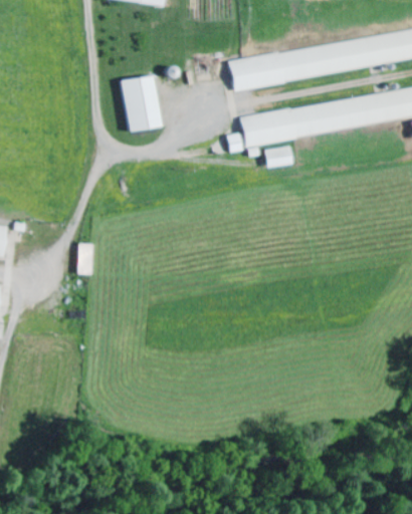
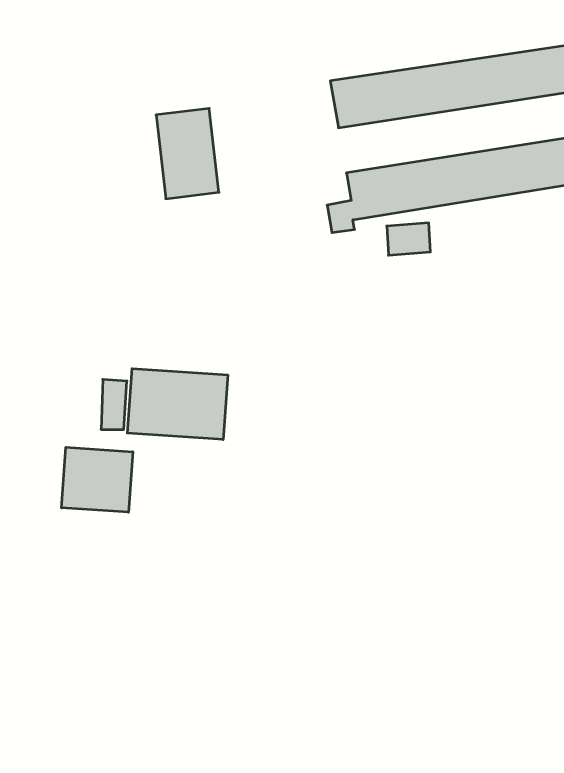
building: none -> [127,369,228,440]
building: none -> [62,447,133,512]

